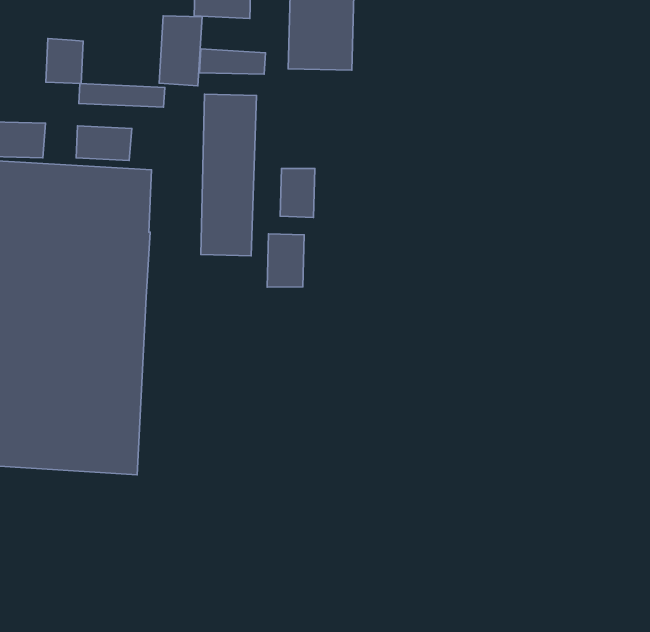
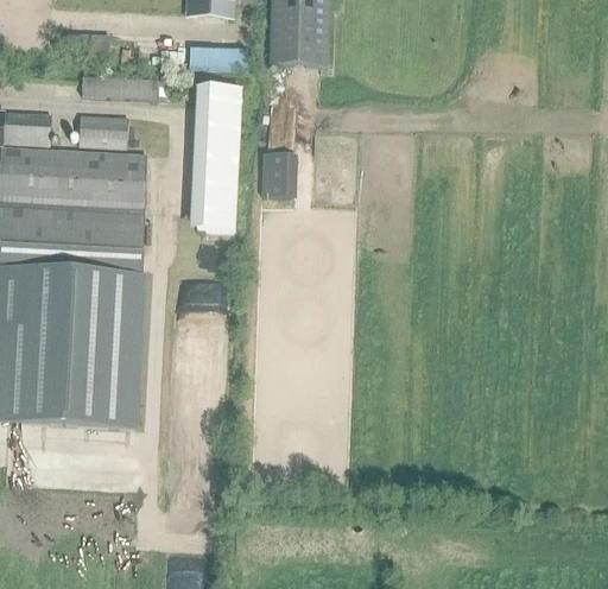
building: [159,16,202,86] -> none
building: [46,39,83,83] -> none
building: [267,234,304,287] -> none

